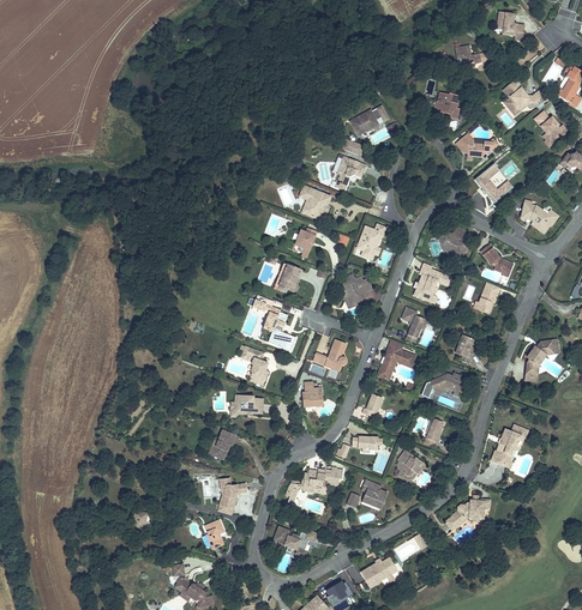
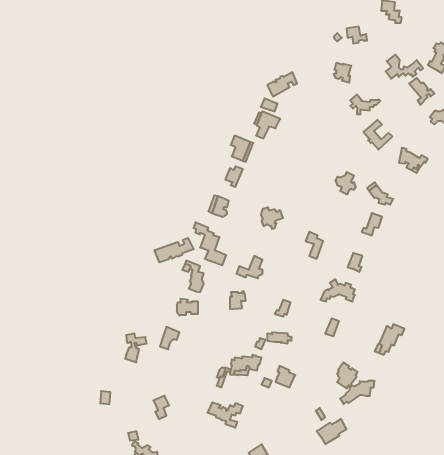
building: [356,225,384,259] -> none
building: [415,264,445,302] -> none
building: none -> [155,238,194,262]
building: [524,339,559,382] -> none
building: [377,340,415,379] -> none
building: [396,451,422,484] -> [337,362,358,389]
building: [220,478,247,515] -> [125,333,147,362]
building: [360,556,398,588] -> [317,419,347,444]

